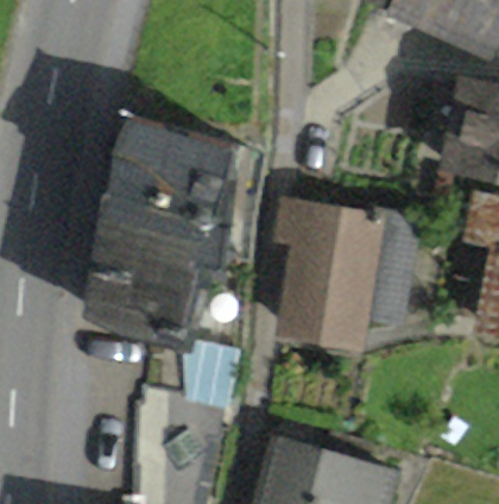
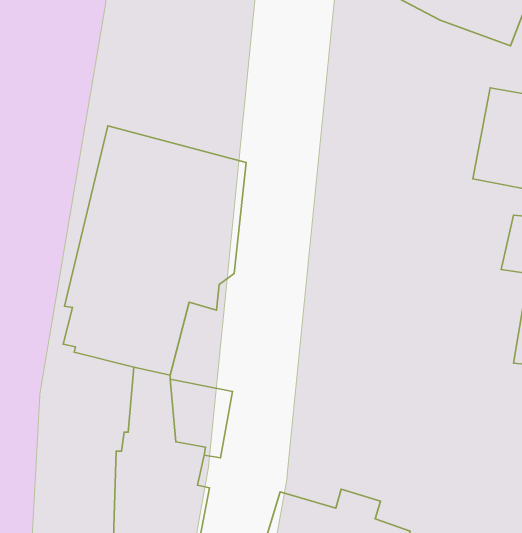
building: [284,201,416,336] -> none

